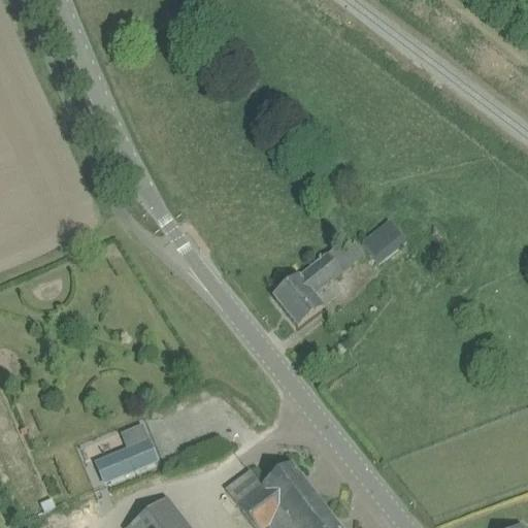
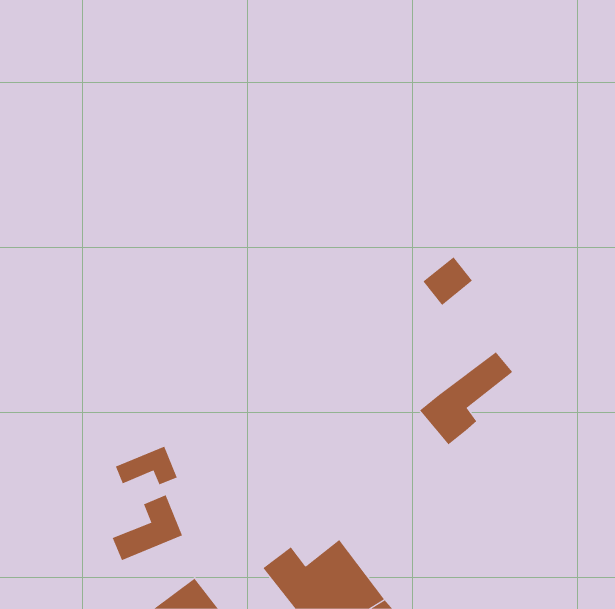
building: [273,244,354,325] -> [419,351,513,445]
building: none -> [115,446,178,485]

